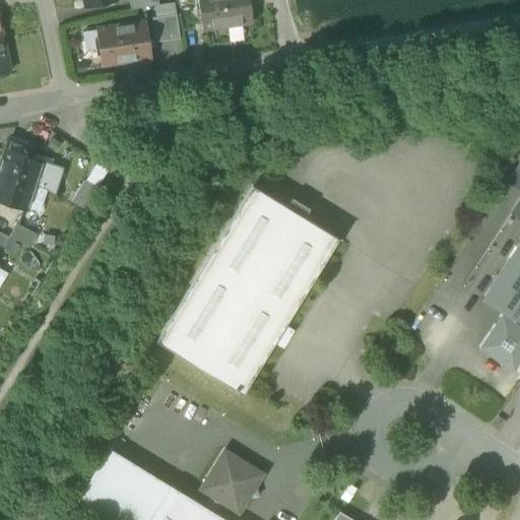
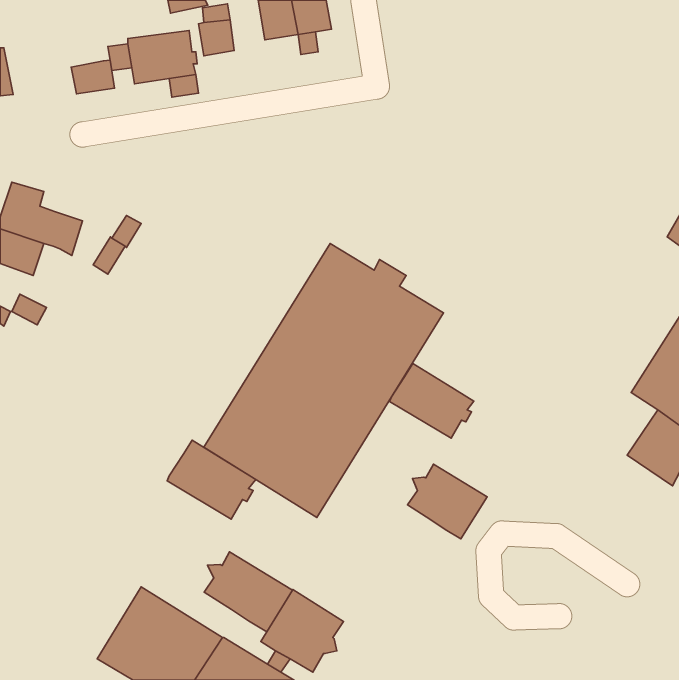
building: none -> [71,60,114,94]
building: none -> [390,363,474,438]
building: none -> [167,440,256,519]
building: none -> [408,464,487,539]
building: none -> [204,552,293,632]

